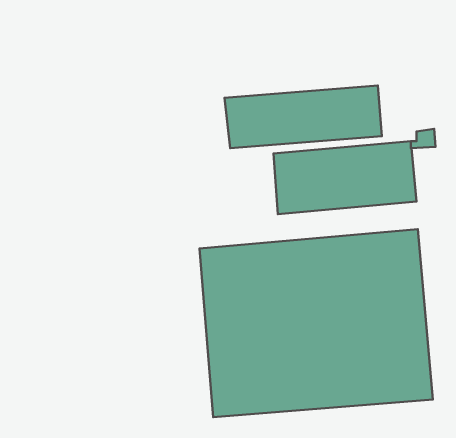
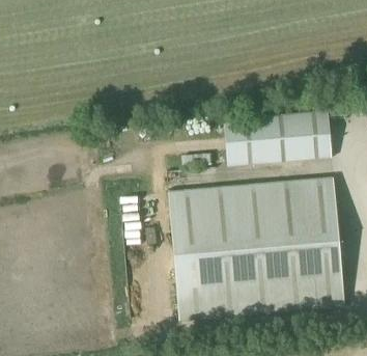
building: [225,85,382,148] -> none

